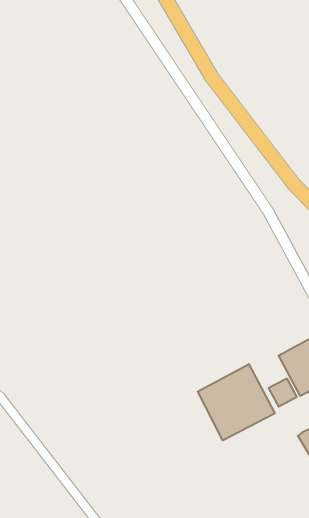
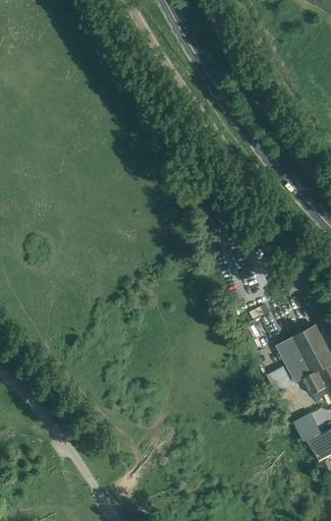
building: [198,364,275,440] -> none

